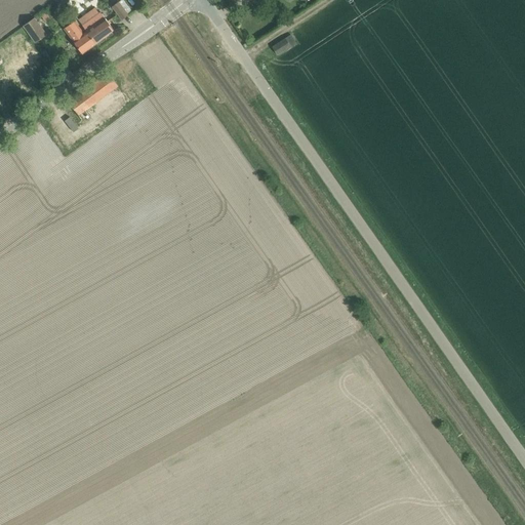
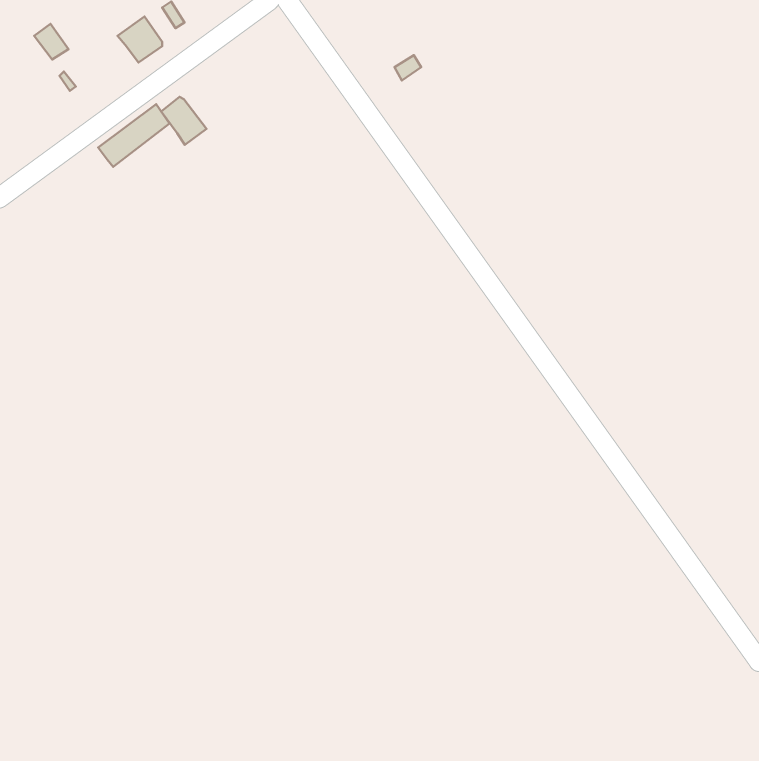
building: [64,21,95,53] -> none
building: none -> [161,97,206,145]

